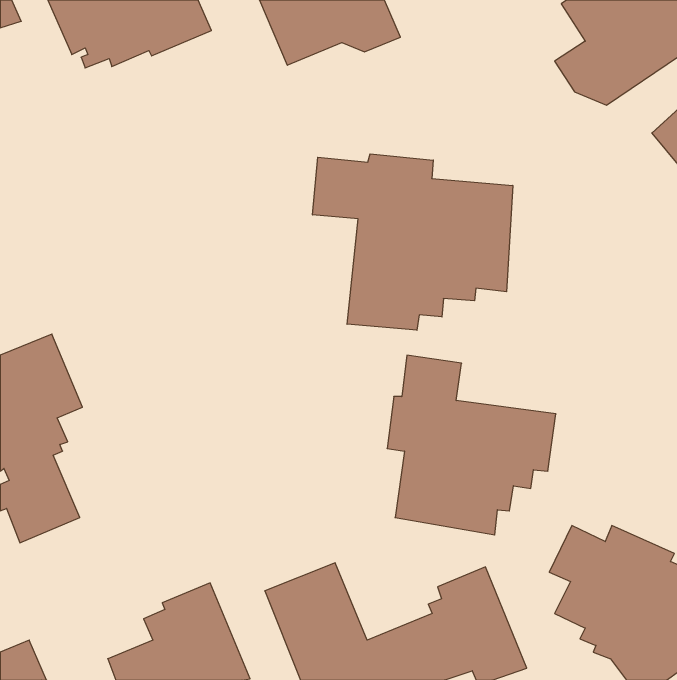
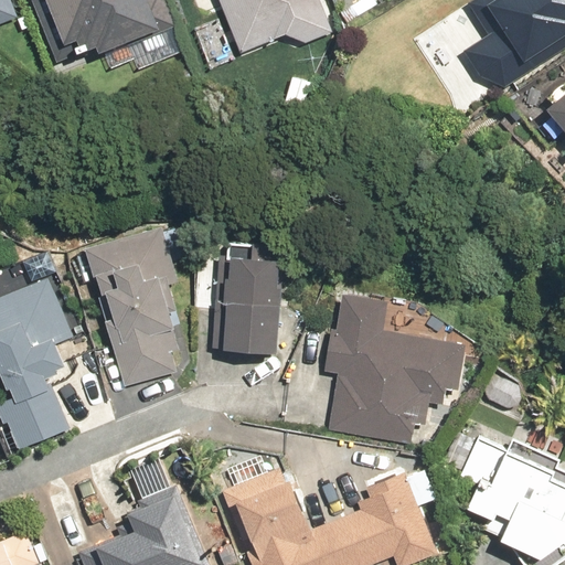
building: [313,154,513,330] -> none
building: none -> [75,221,186,387]
building: none -> [220,243,278,353]

